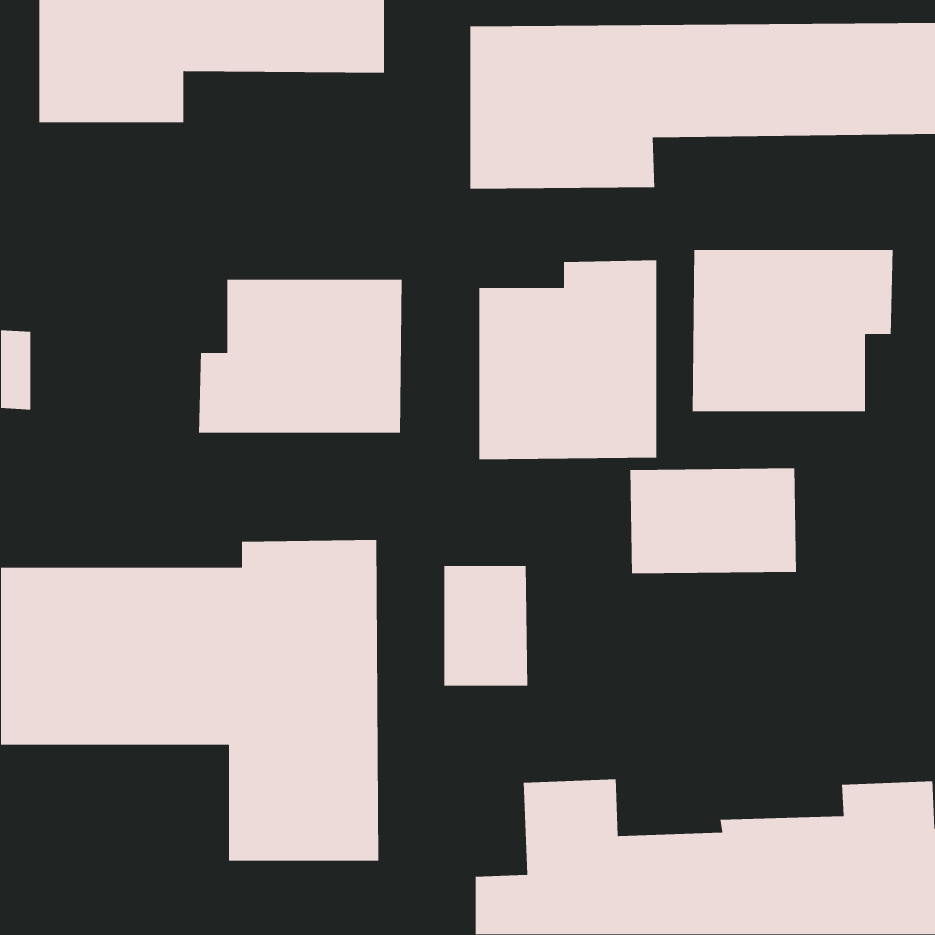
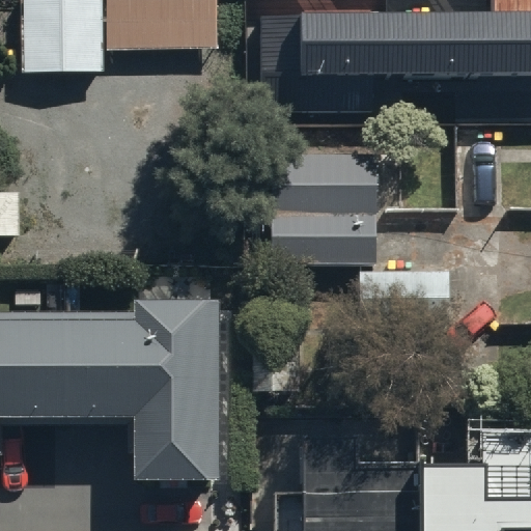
building: [692,249,893,412] -> none
building: [198,279,403,433] -> none

